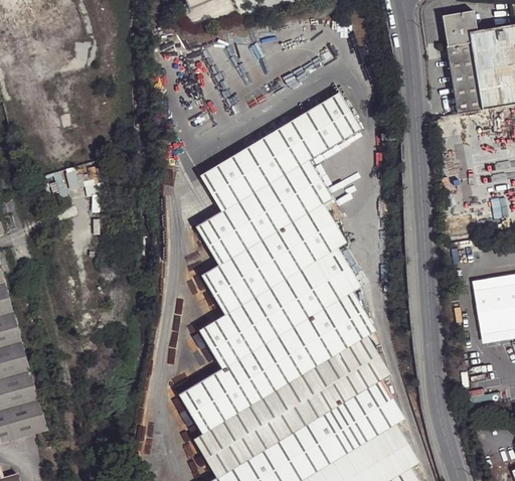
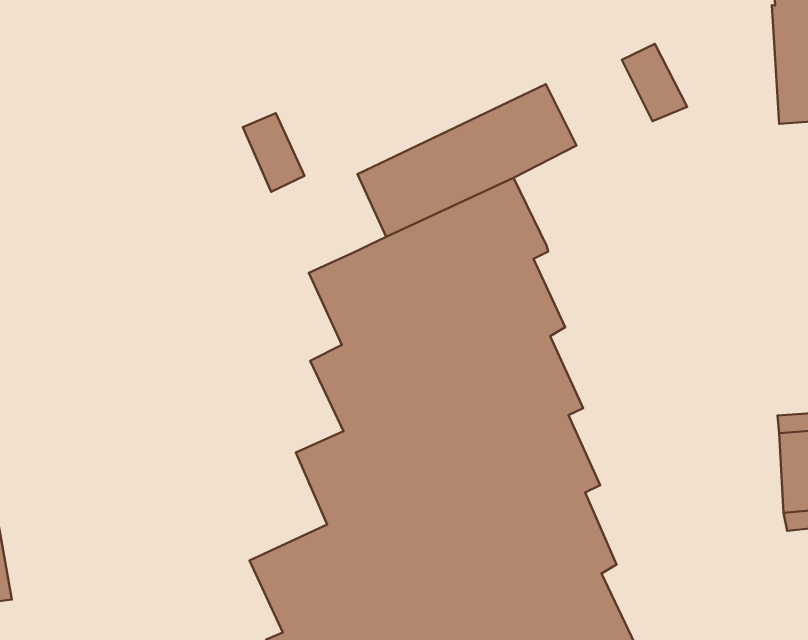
building: [321,93,361,137] -> [622,44,687,121]
building: [200,166,238,211] -> [243,113,305,192]

